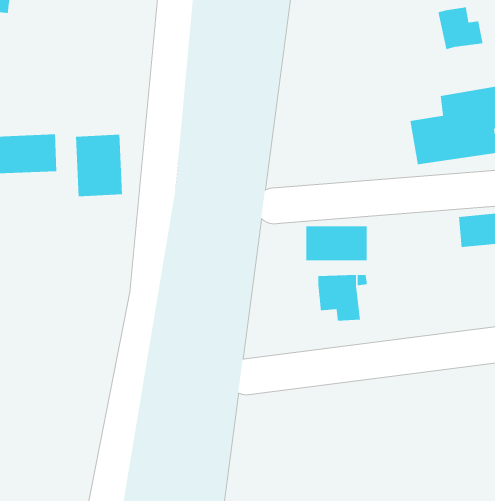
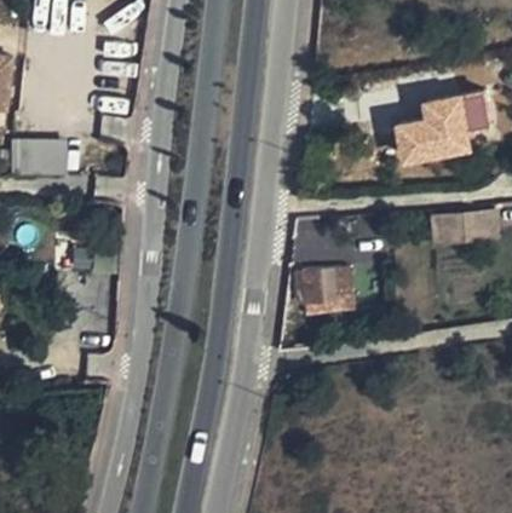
building: [438,6,483,50] -> none
building: [75,134,123,197] -> none

